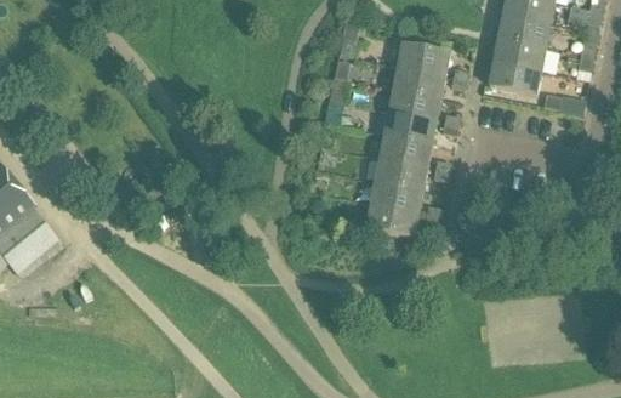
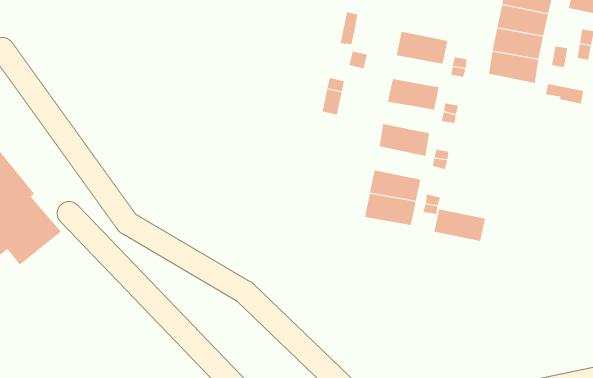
building: [393,67,444,98] -> none
building: [383,113,435,144] -> none
building: [375,158,427,191] -> [433,209,486,242]

